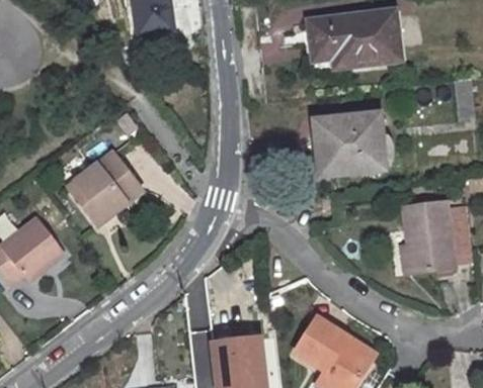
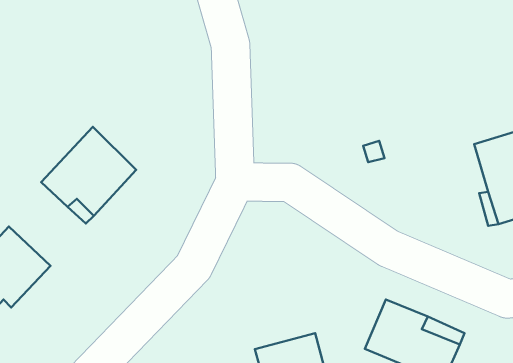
building: [313,113,383,175] -> none

